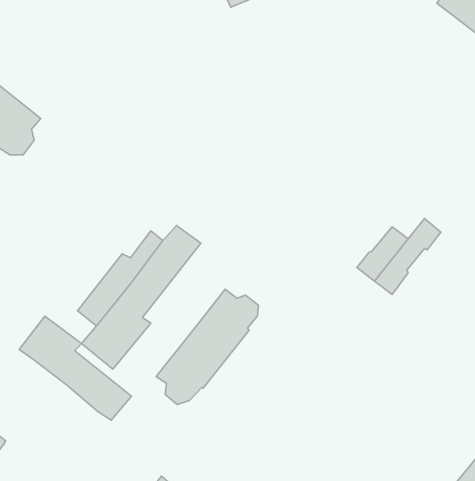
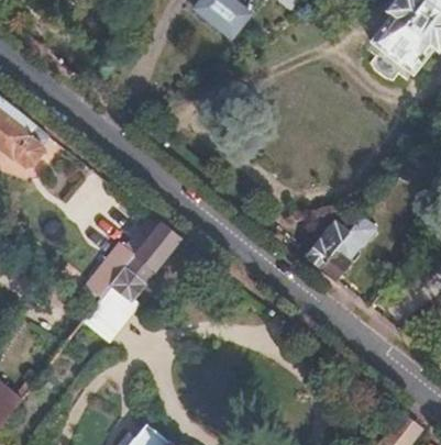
building: [156,289,258,405] -> none
building: [19,316,131,420] -> none

